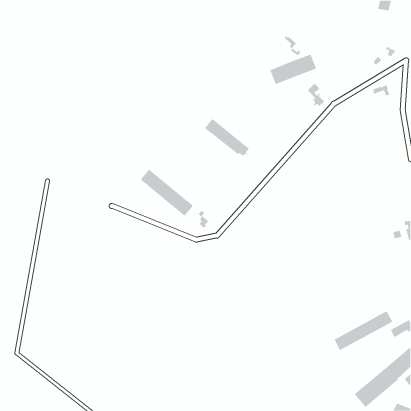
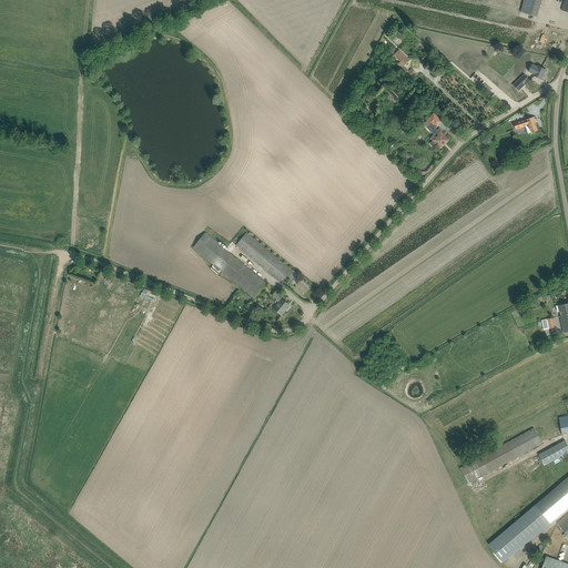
building: [270,54,317,85] -> none
building: [204,118,250,157] -> [235,233,298,286]

